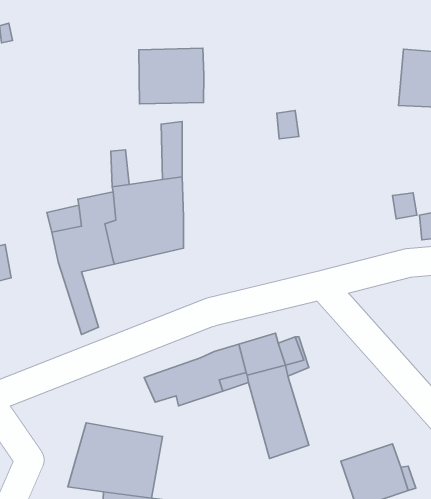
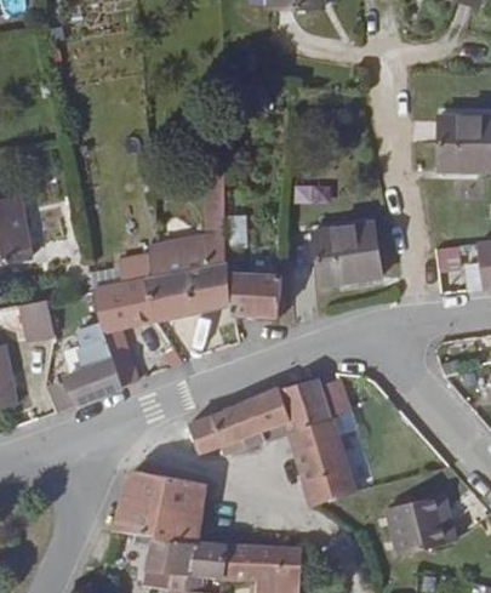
building: [139,48,204,104] -> none
building: none -> [310,226,377,289]
building: none -> [229,270,281,320]
building: none -> [63,314,126,405]

